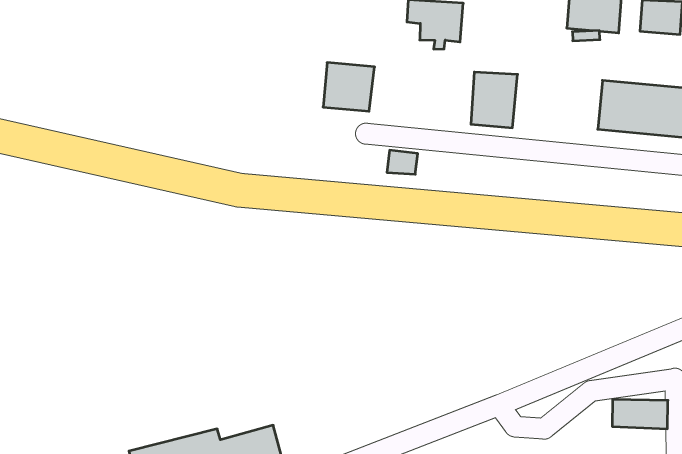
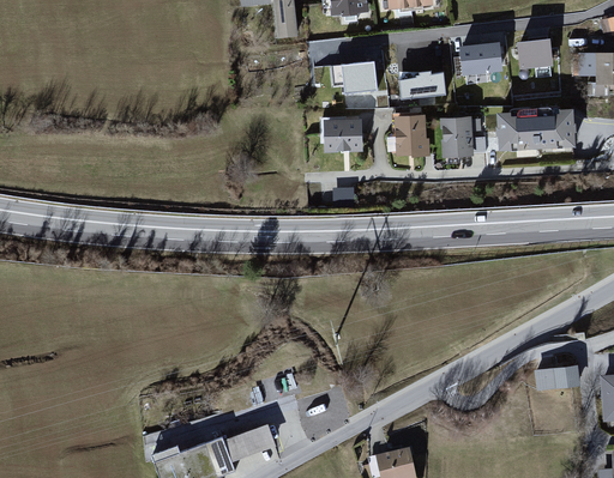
building: none -> [399,69,445,98]
building: [323,63,375,111] -> [323,116,361,153]
building: none -> [441,116,482,158]

